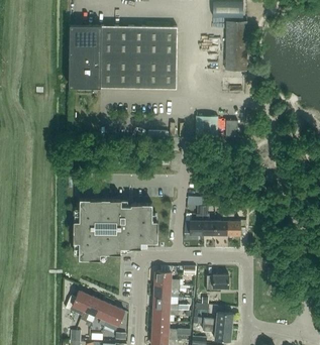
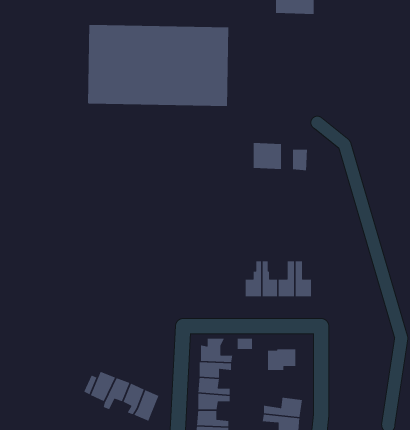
building: [225,22,248,73] -> none
building: [74,200,158,260] -> none

